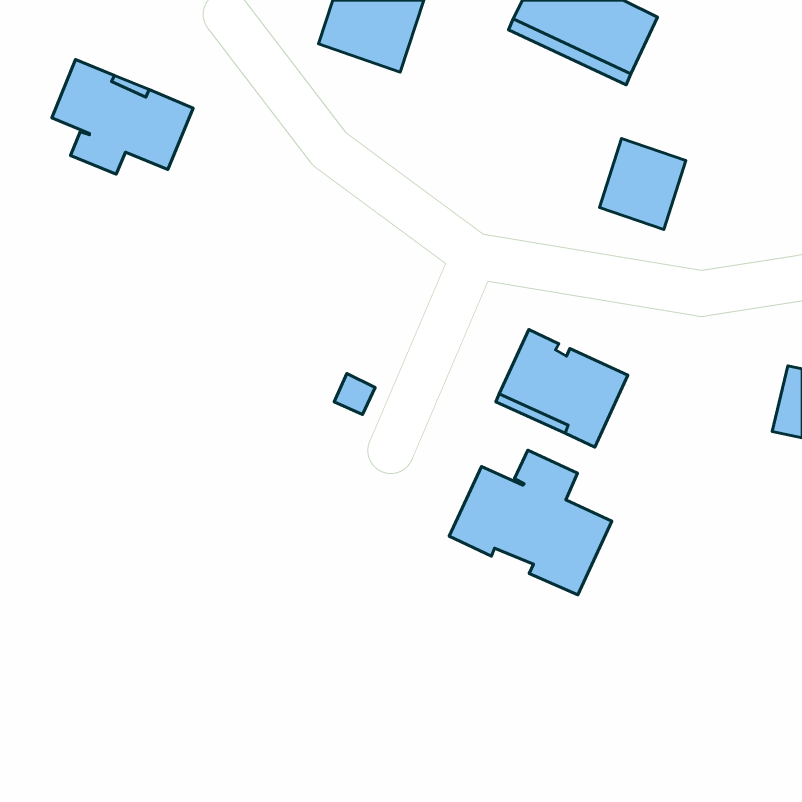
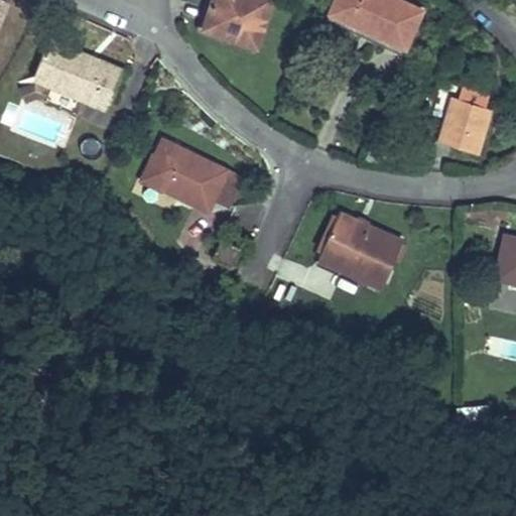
building: [600,138,686,230] -> [437,96,493,154]
building: none -> [142,138,230,212]
building: [449,450,612,595] -> none

